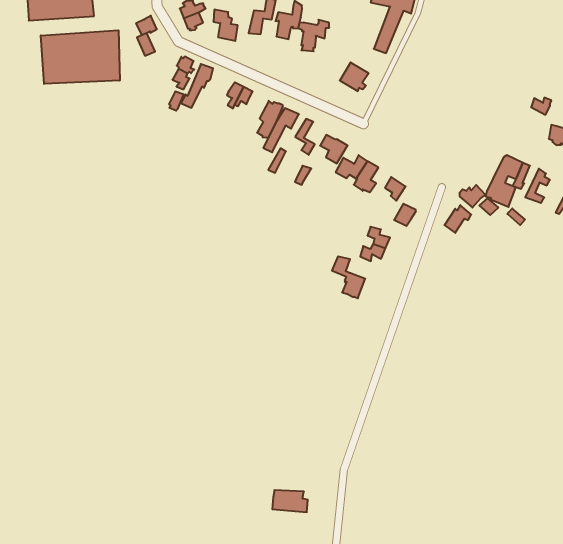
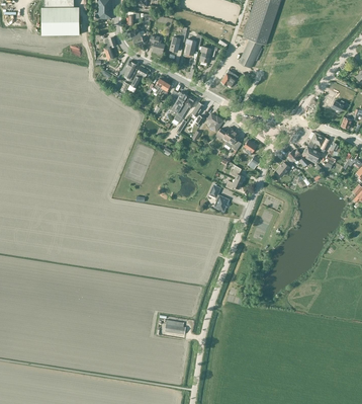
building: [41,30,120,84] -> none

